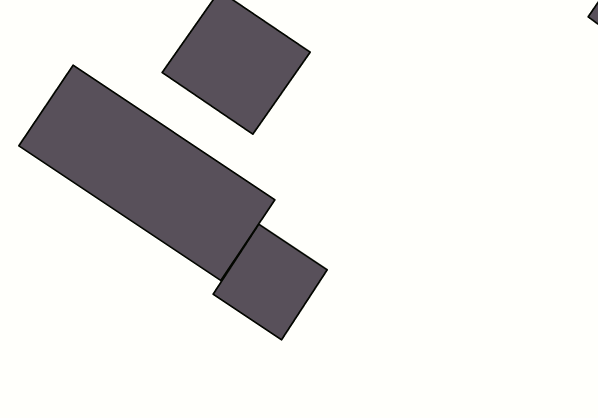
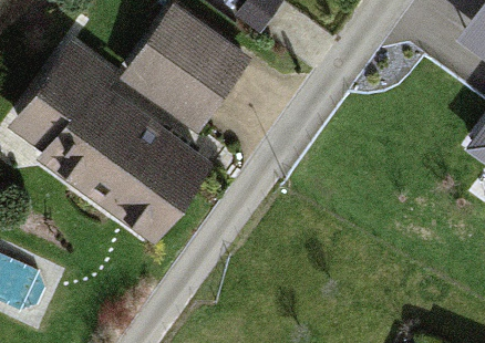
building: [213,224,327,340] -> none

